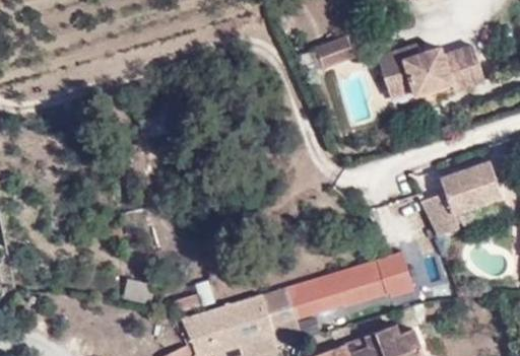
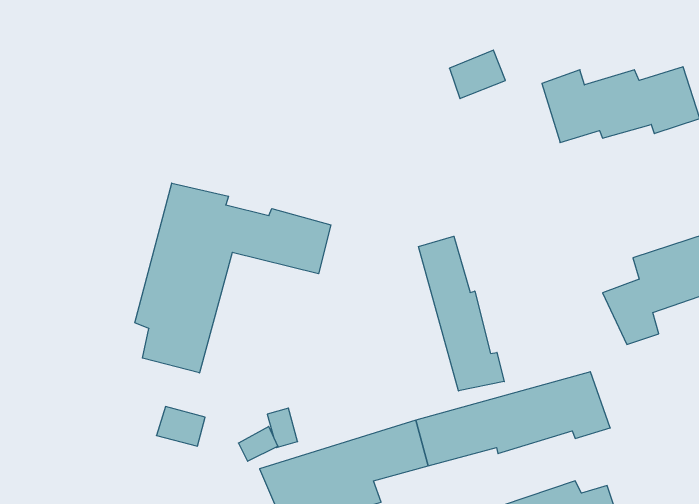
building: none -> [135,183,331,373]
building: none -> [418,236,504,391]

